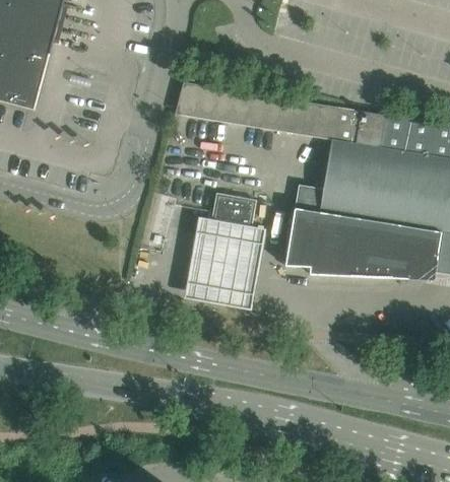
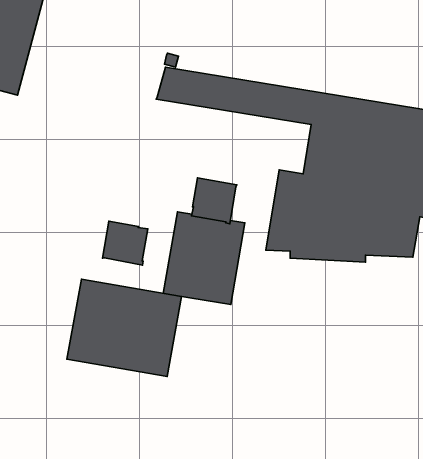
building: none -> [102,221,148,265]
building: none -> [67,279,182,376]

